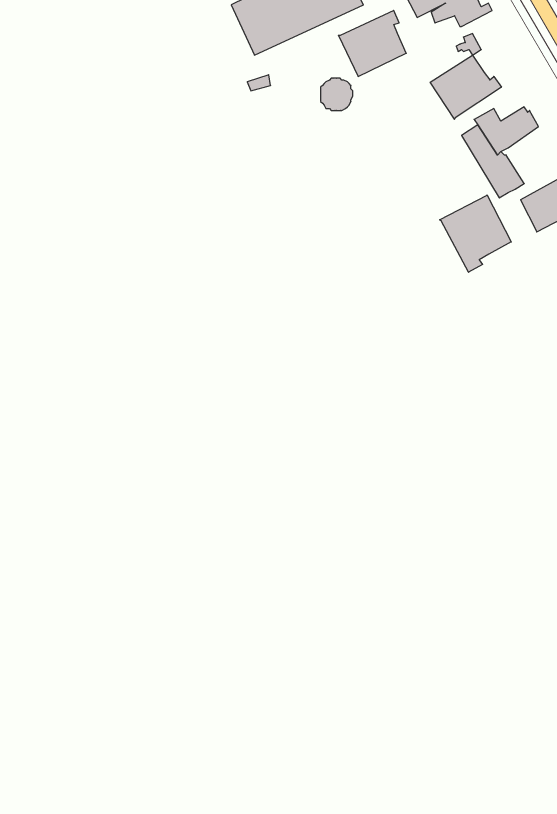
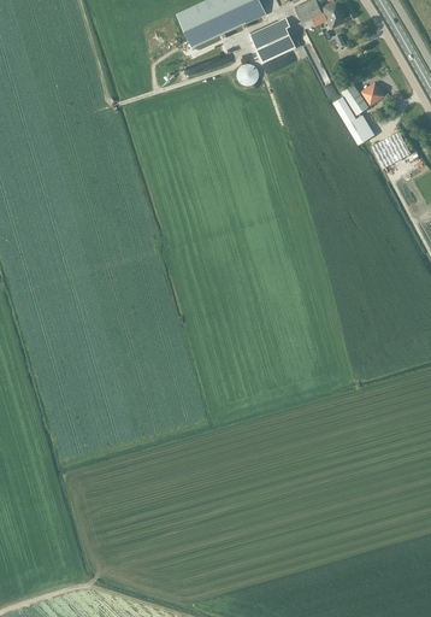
building: [430,55,501,119] -> none
building: [440,195,511,272] -> none

